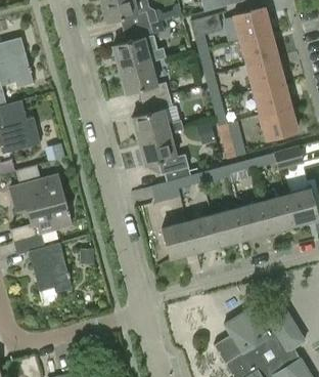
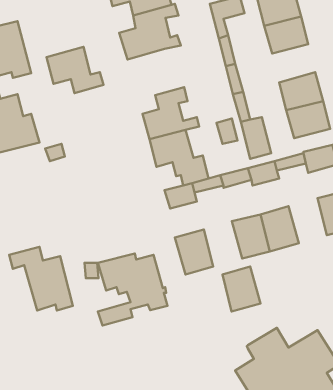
building: [246,56,284,90] -> none
building: [119,60,169,101] -> [47,47,103,93]
building: [10,179,72,243] -> [98,254,167,325]
building: [261,193,294,233] -> none
building: [186,213,220,253] -> [222,266,261,311]

